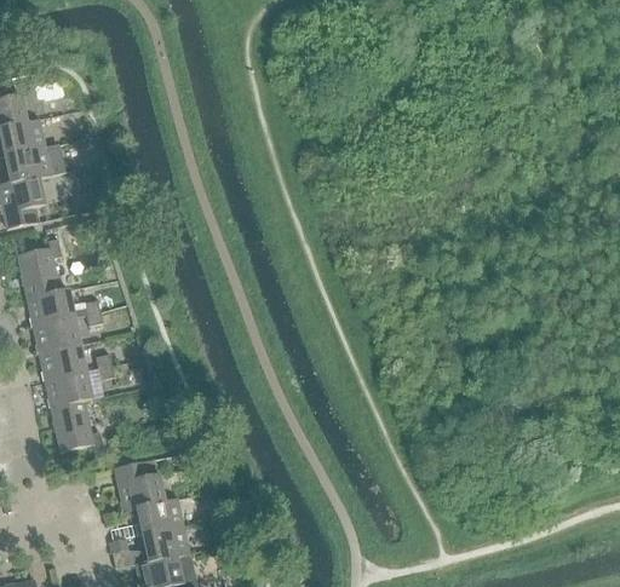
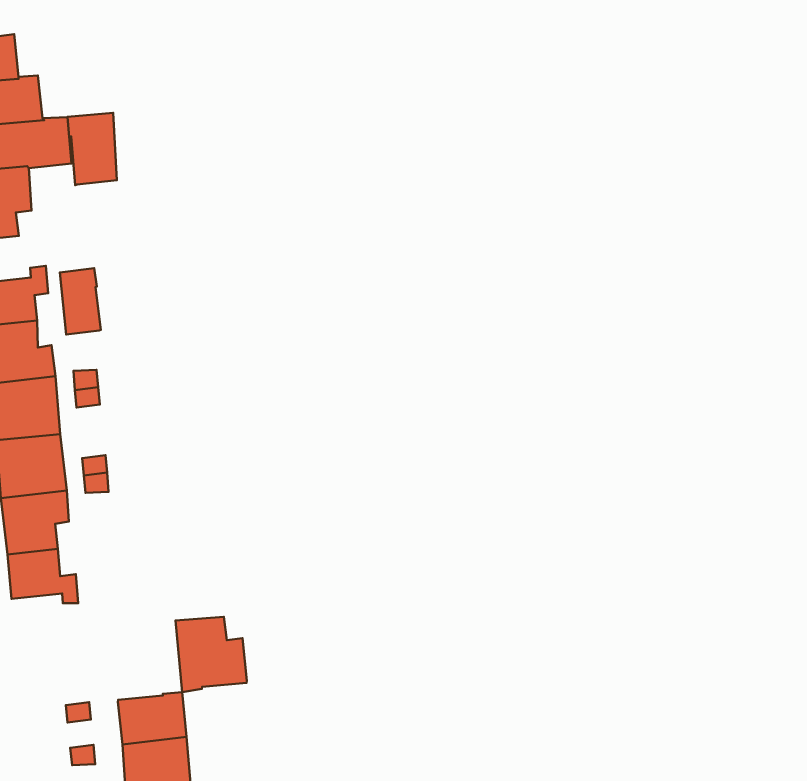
building: none -> [67,113,117,185]
building: none -> [60,268,101,335]
building: [114,460,163,511] -> [176,617,247,692]

